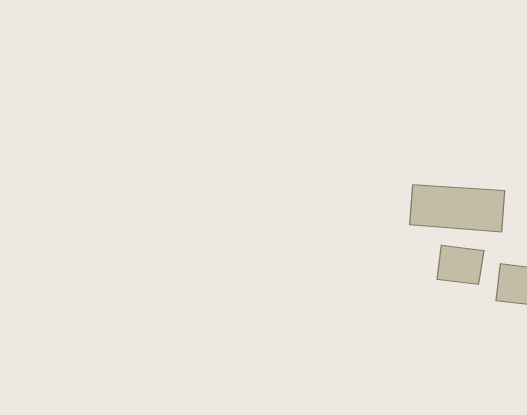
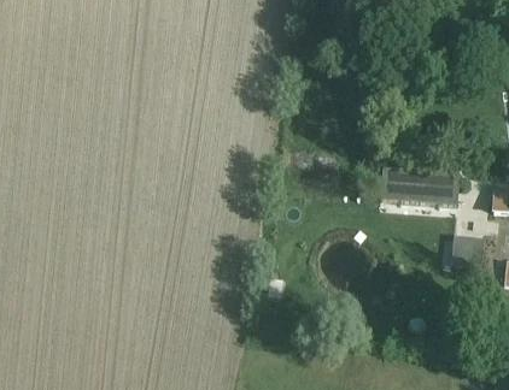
building: [437,245,484,284] -> none

